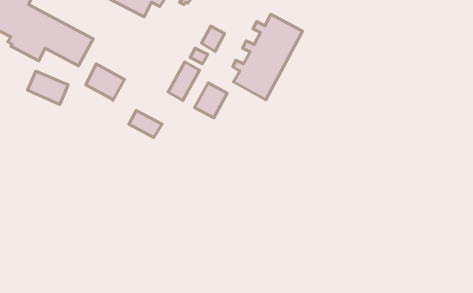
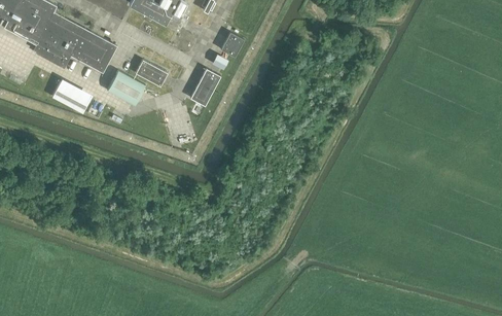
building: [233,14,302,100] -> none
building: [195,83,227,118] -> none
building: [129,110,162,138] -> [135,62,168,89]

